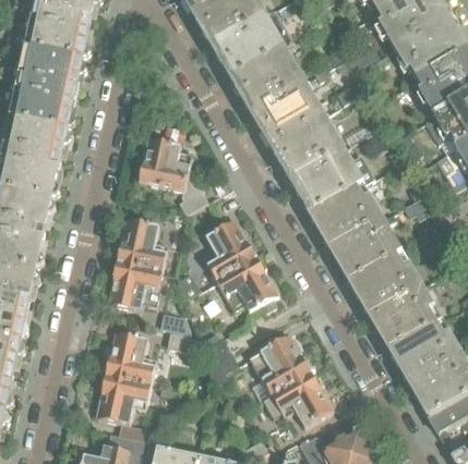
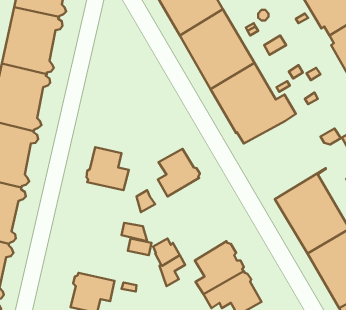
building: [139,136,208,212] -> none
building: [311,184,413,281] -> none
building: [217,255,279,312] -> none
building: [109,260,163,309] -> none
building: [105,330,157,382] -> none

